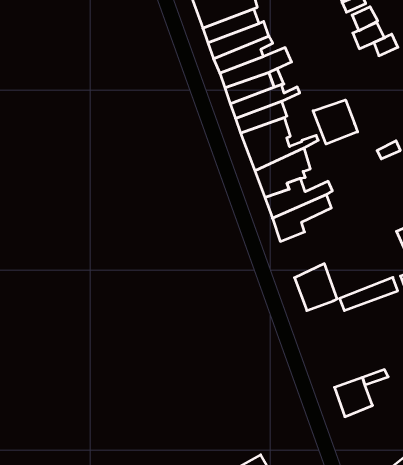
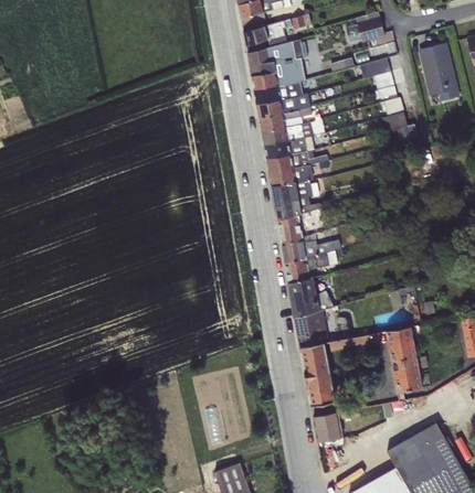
building: [313,100,358,144] -> none
building: none -> [288,278,334,317]
building: none -> [300,342,336,406]

